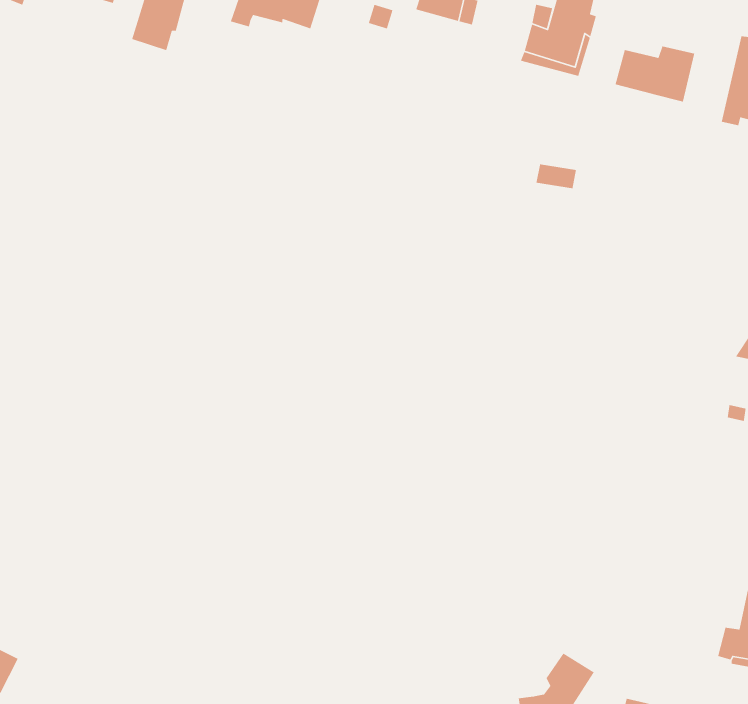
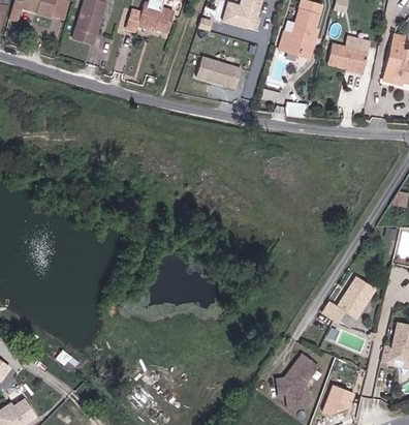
building: none -> [194,57,241,89]
building: none -> [322,277,374,324]

